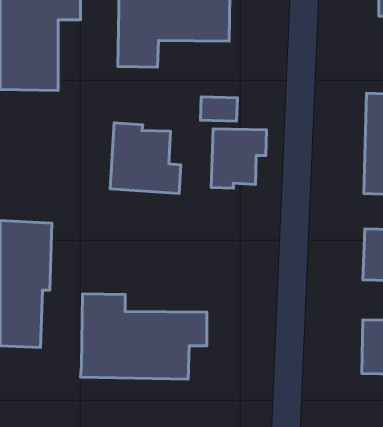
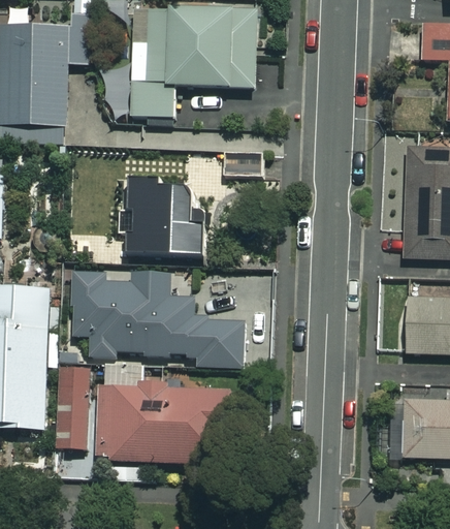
building: [211,129,266,188] -> none
building: none -> [73,272,243,367]
building: none -> [57,367,92,447]

